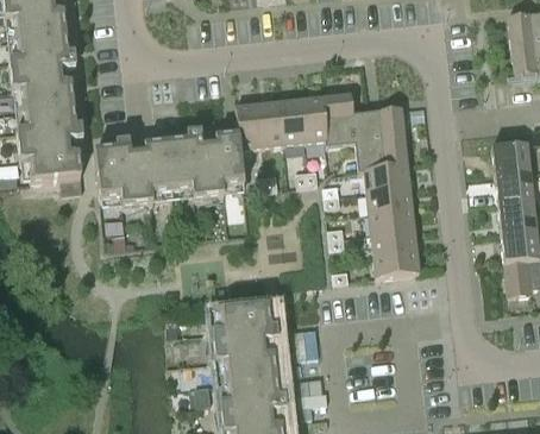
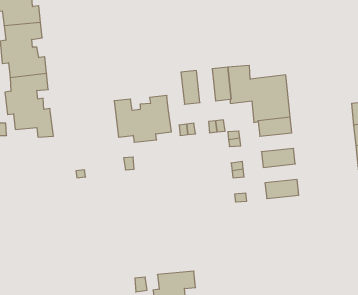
building: [280,98,306,144] -> none
building: [236,102,263,149] -> none
building: [95,141,172,206] -> none
building: [366,185,413,212] -> none
building: [371,228,417,254] -> none
building: [212,303,276,380] -> none

